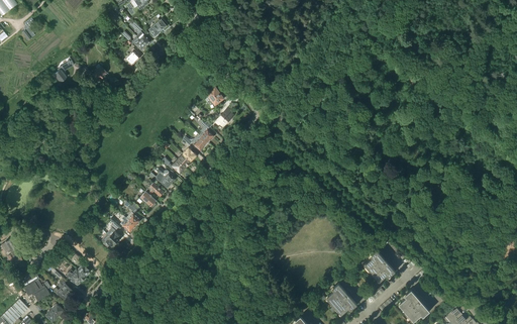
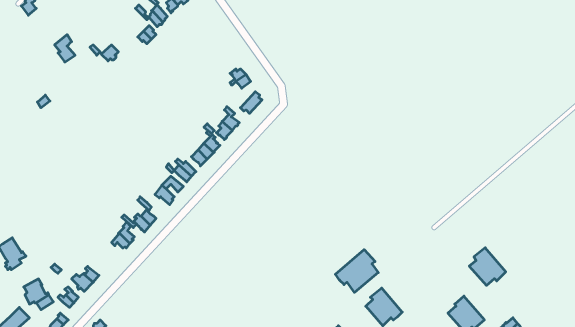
building: none -> [335,250,378,292]
building: [365,248,397,282] -> [469,248,506,285]

